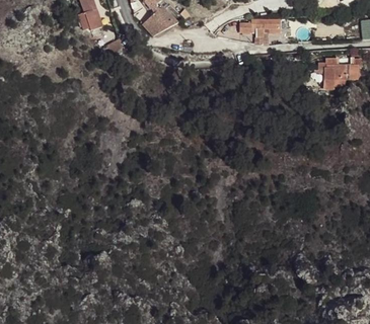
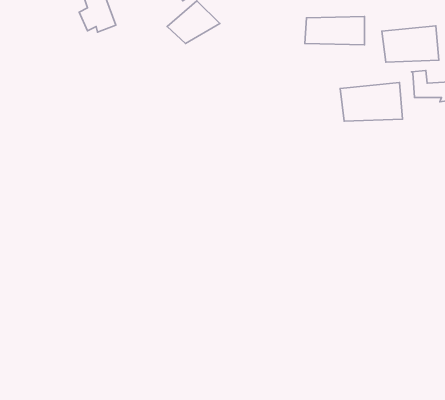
building: none -> [382,26,439,62]
building: none -> [340,82,403,121]

